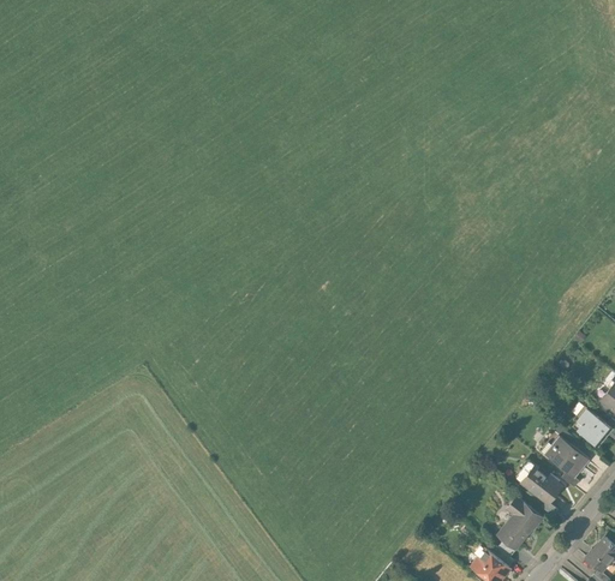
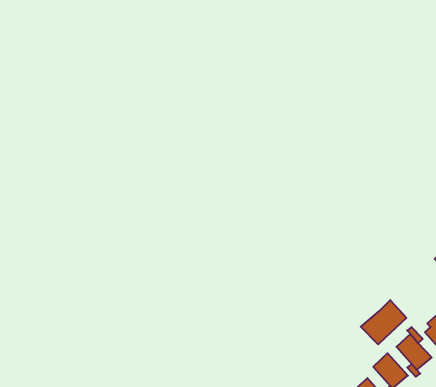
building: none -> [361,300,406,344]

